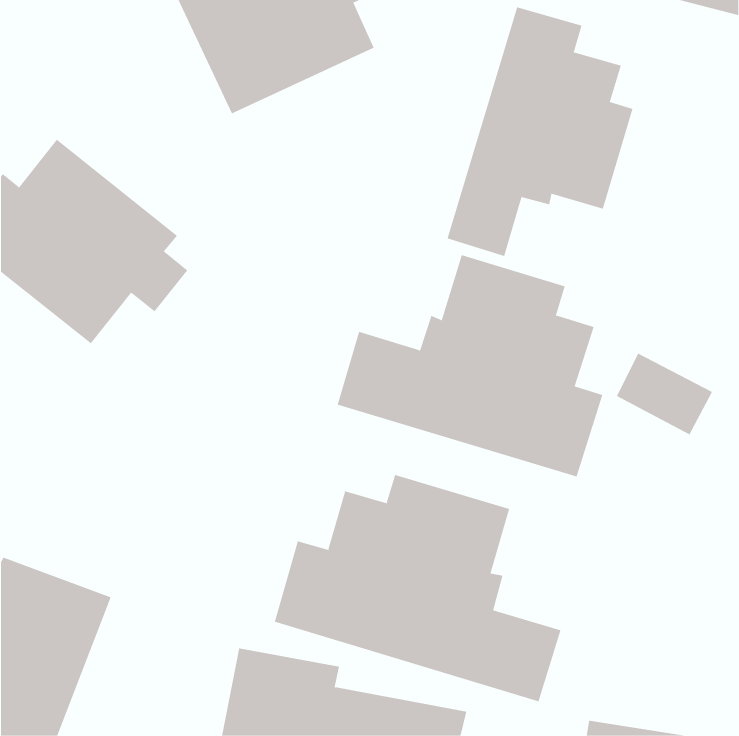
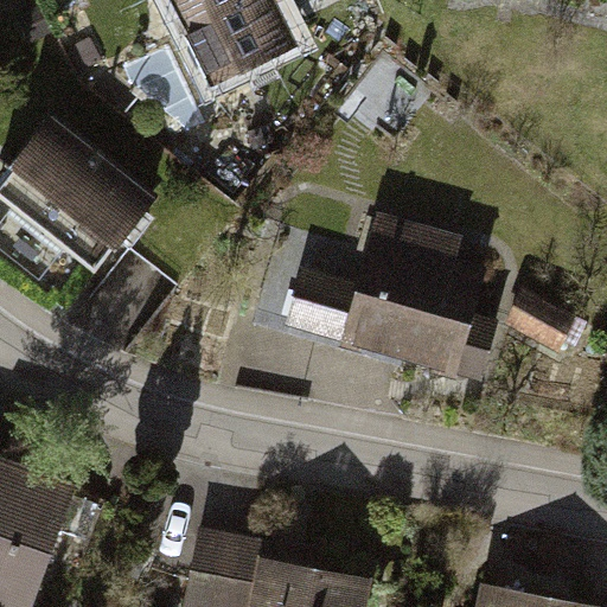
building: [447,7,633,257] -> none
building: [274,474,561,702] -> none

